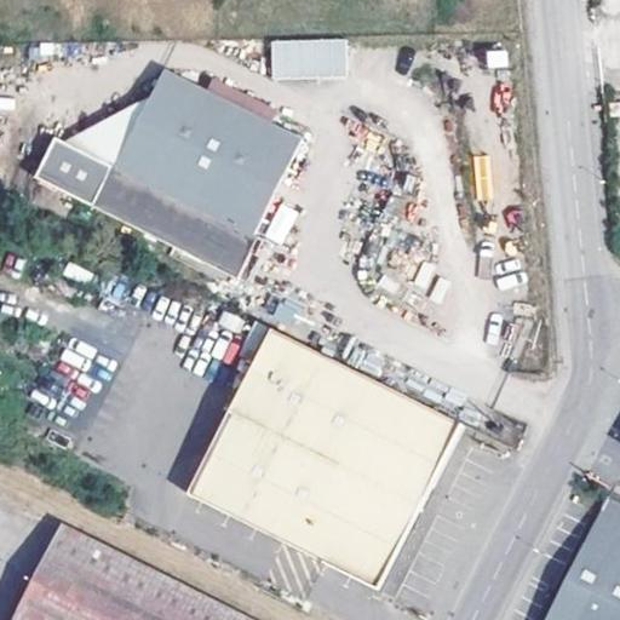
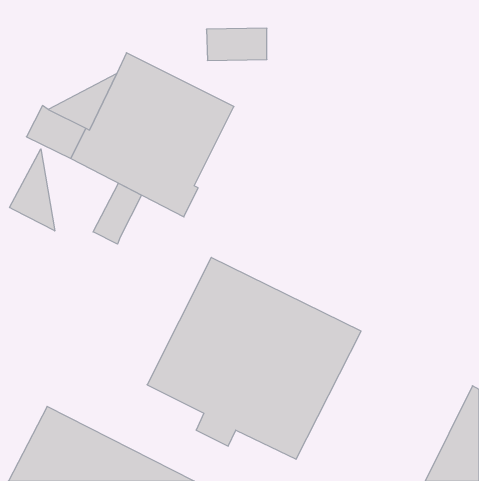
building: none -> [10,149,55,231]
building: none -> [93,183,142,244]

